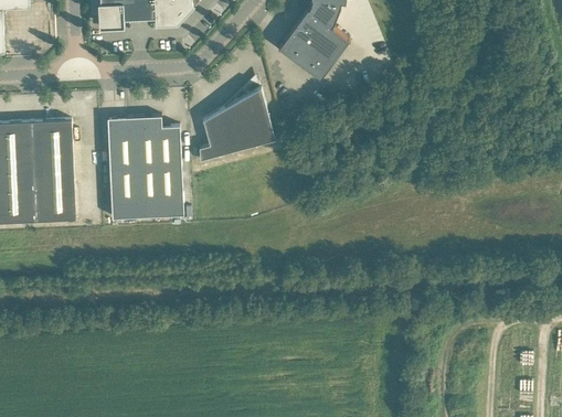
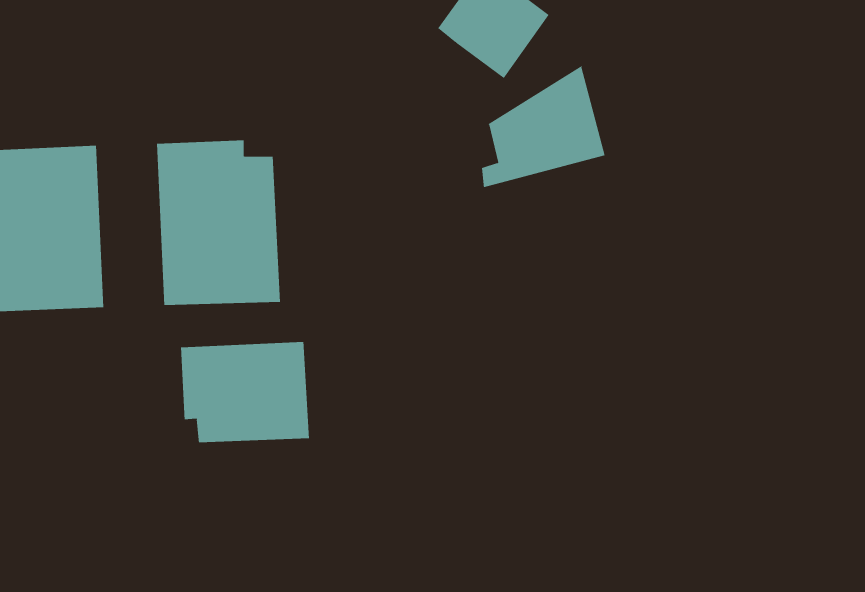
building: [199,85,275,160] -> [481,65,606,188]
building: none -> [181,341,310,443]

